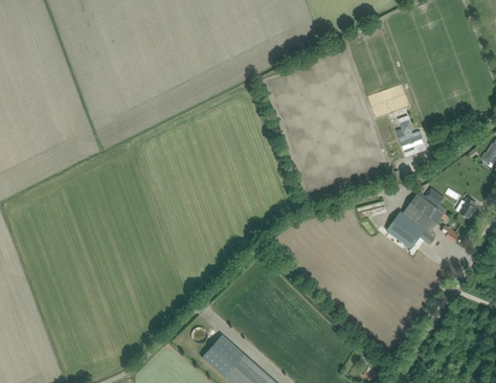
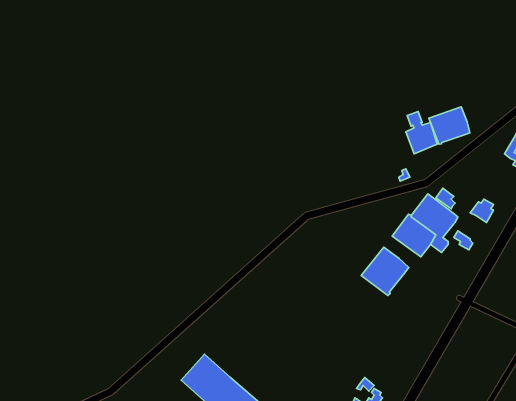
building: none -> [429,107,470,144]
building: none -> [361,247,409,295]

